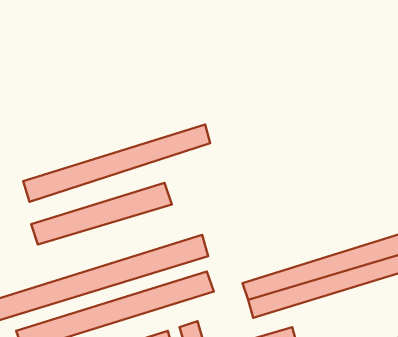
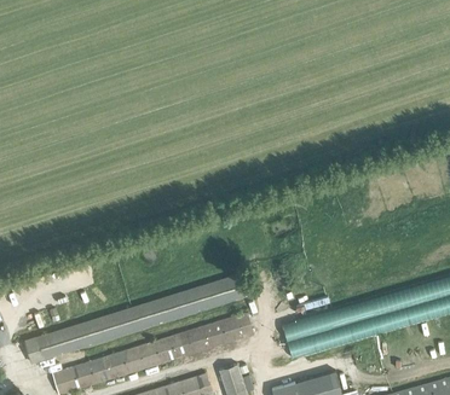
building: [23,125,210,202] -> none
building: [31,183,172,245] -> none

